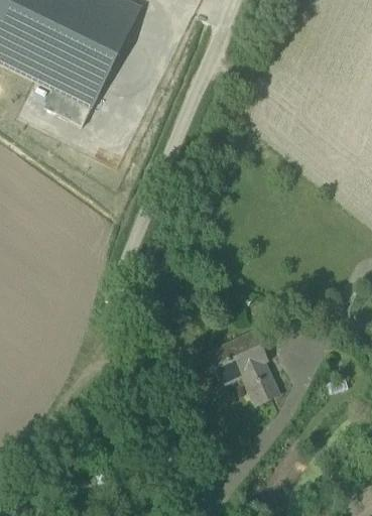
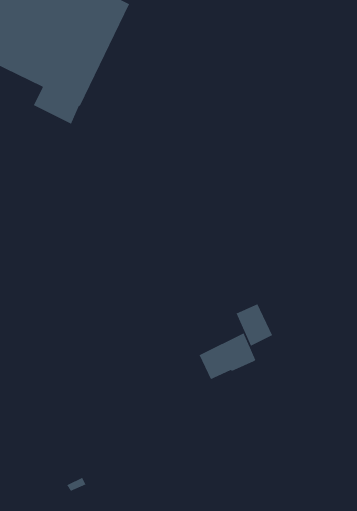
building: [242,361,279,404] -> [235,303,273,347]

